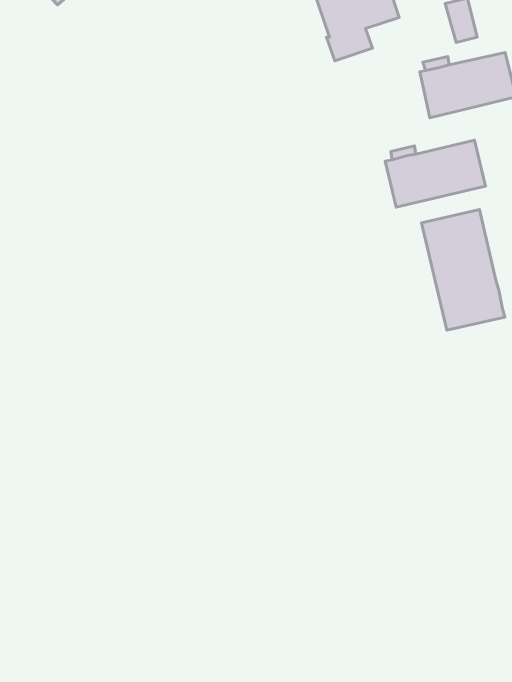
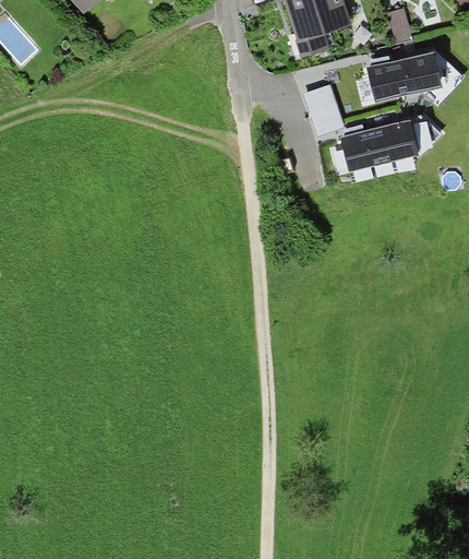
building: none -> [303,83,345,134]
building: [422,210,505,330] -> none

